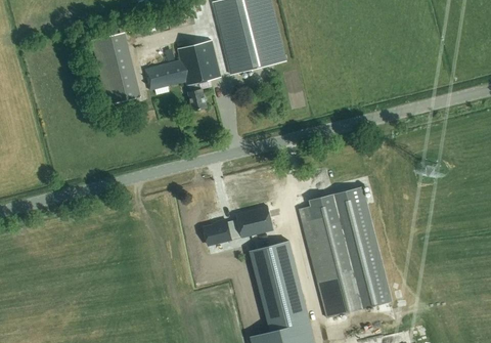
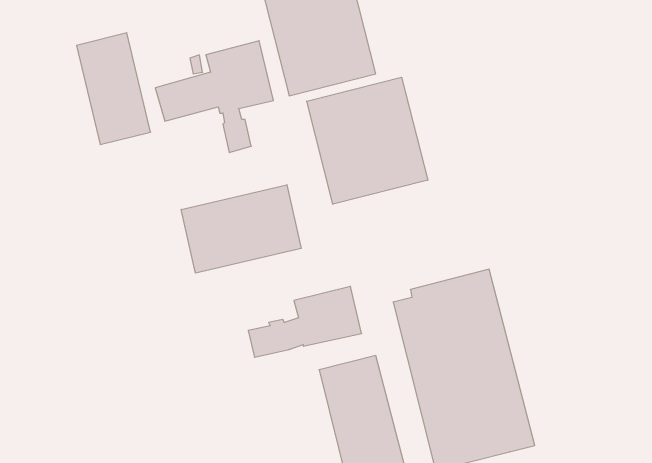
building: none -> [307,77,428,204]
building: none -> [181,185,301,273]

